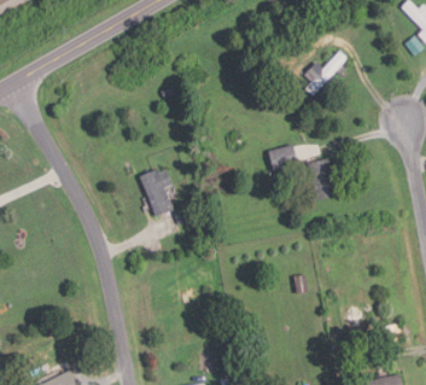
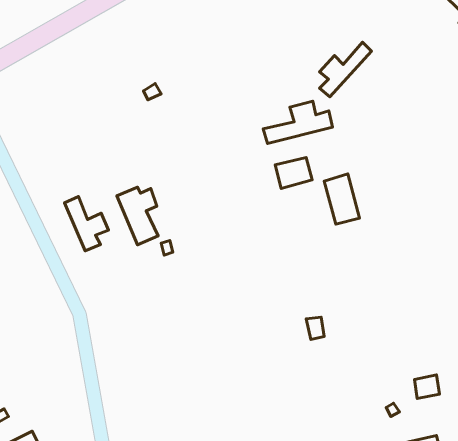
building: none -> [263,101,333,143]
building: none -> [65,196,109,251]

